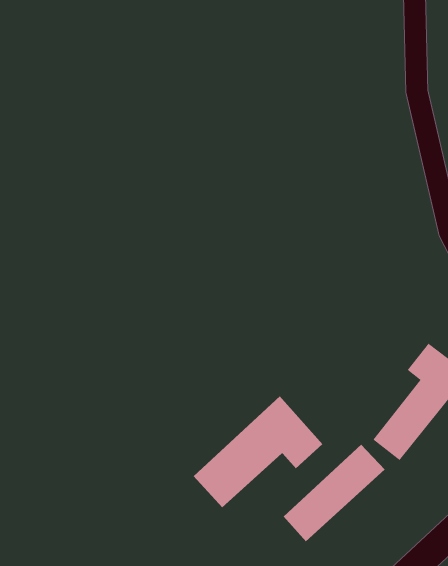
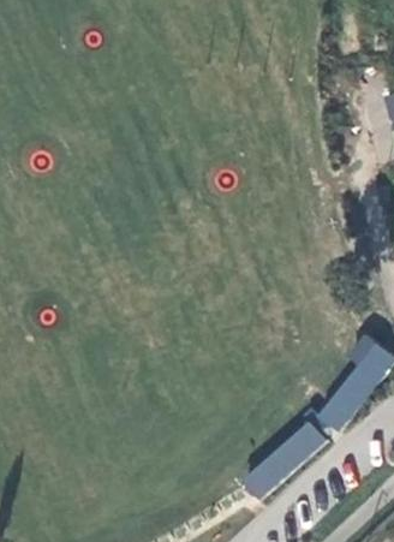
building: [193,395,323,508] -> none

